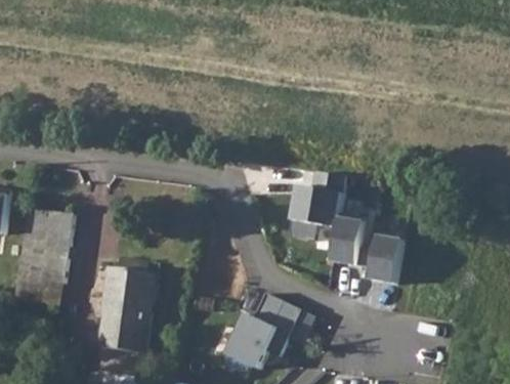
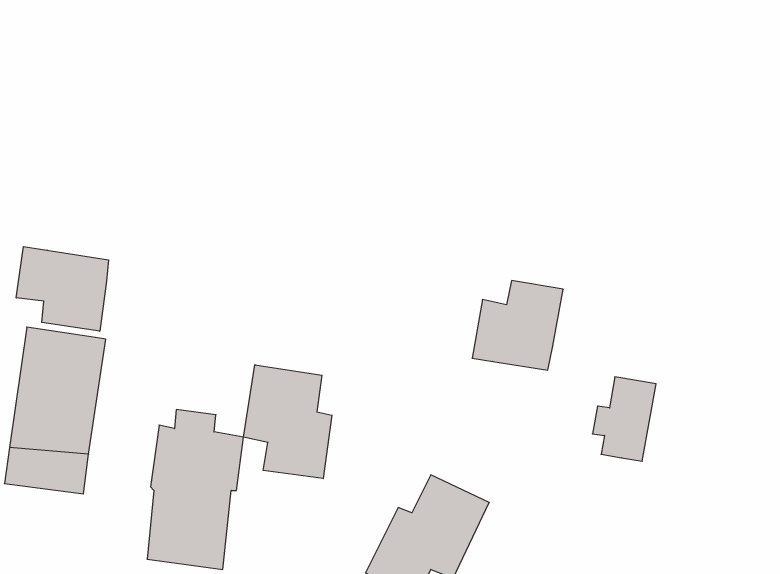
building: none -> [16,247,109,331]
building: [332,219,367,271] -> none
building: none -> [243,365,332,479]

